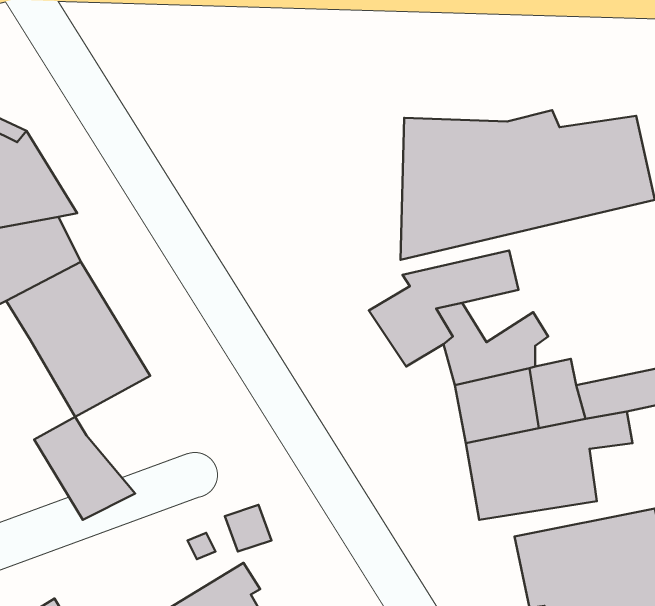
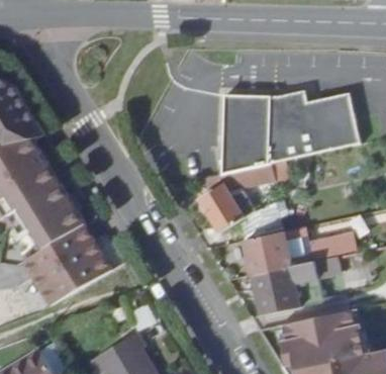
building: none -> [46,232,114,296]

